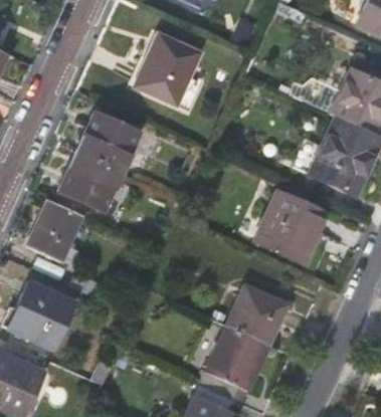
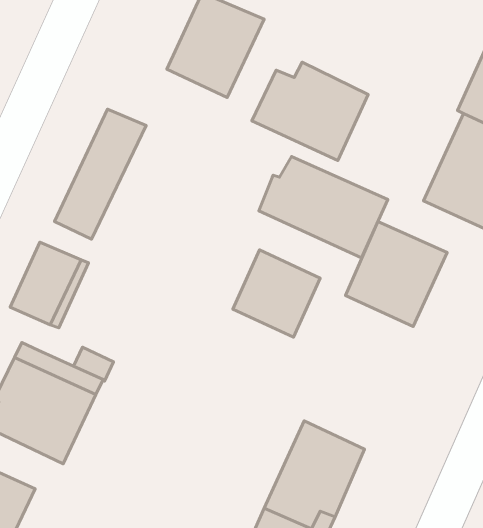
building: none -> [252,62,368,161]
building: [82,125,138,211] -> none
building: none -> [259,156,388,258]
building: [227,285,287,345] -> [233,250,320,337]

